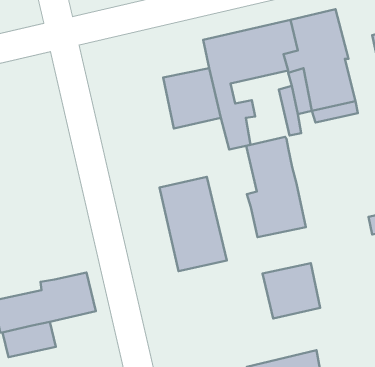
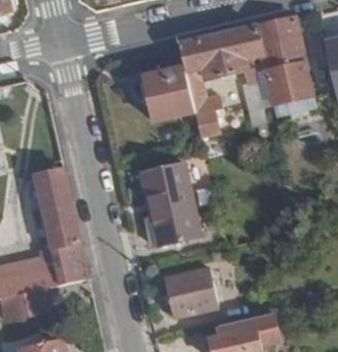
building: [246,137,306,237] -> none
building: none -> [35,169,79,249]
building: [262,263,320,319] -> [167,268,217,316]

